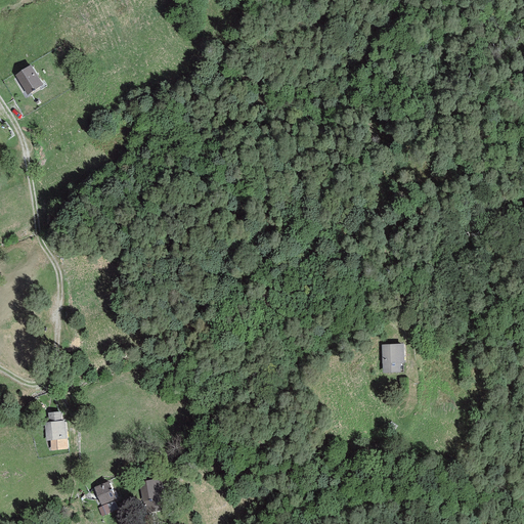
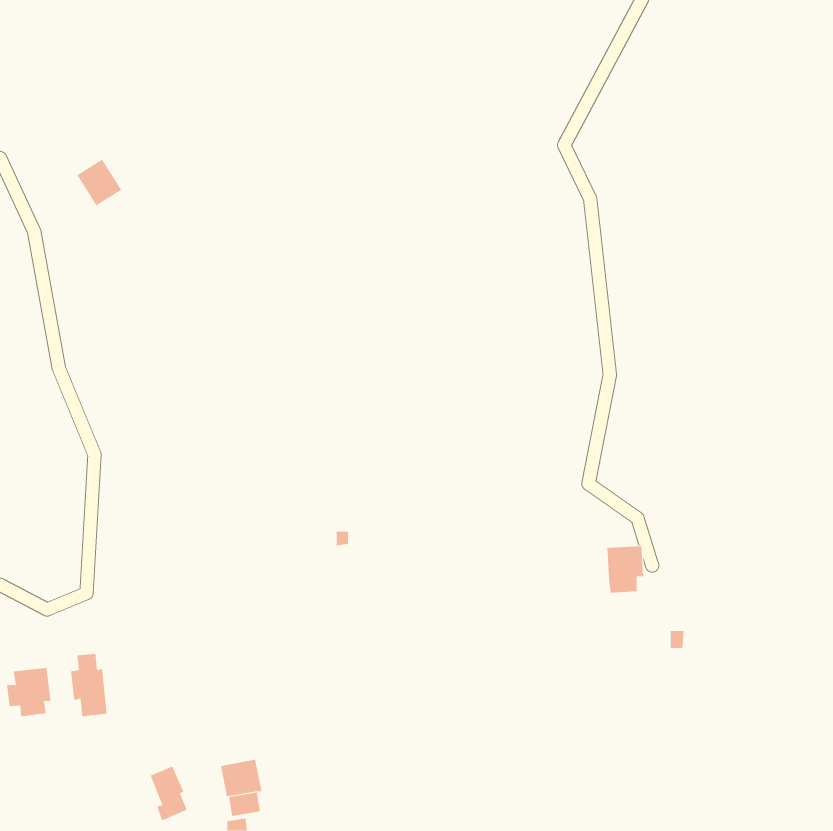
building: [14,64,43,94] -> [76,159,122,206]
building: none -> [7,667,51,717]

